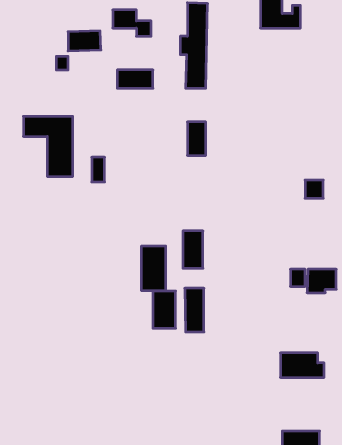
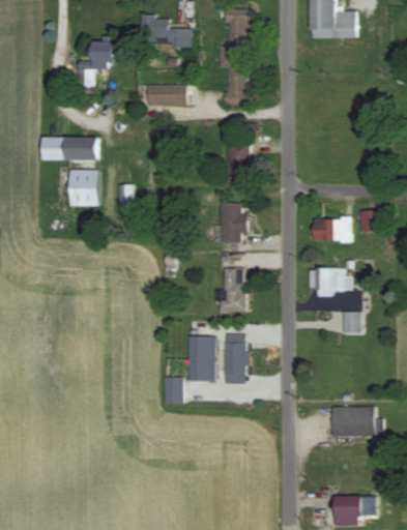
building: none -> [219,203,248,243]
building: none -> [313,218,351,242]
building: [142,246,166,291] -> none
building: [307,269,336,293] -> [313,268,346,295]
building: none -> [164,377,181,403]

